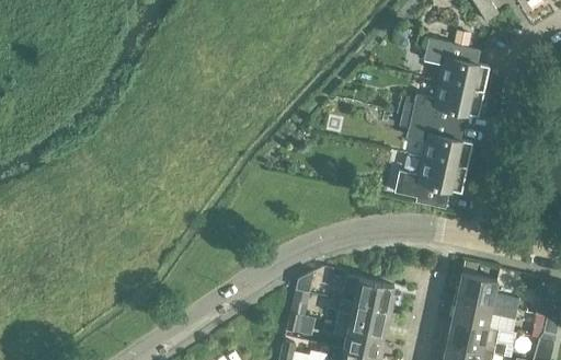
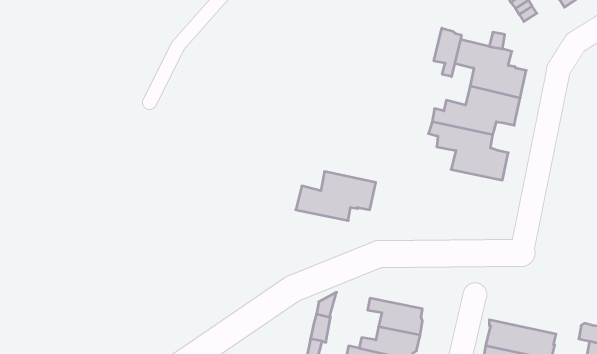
building: none -> [434,28,461,77]
building: [393,158,467,202] -> [296,172,376,221]
building: [455,272,518,309] -> none

